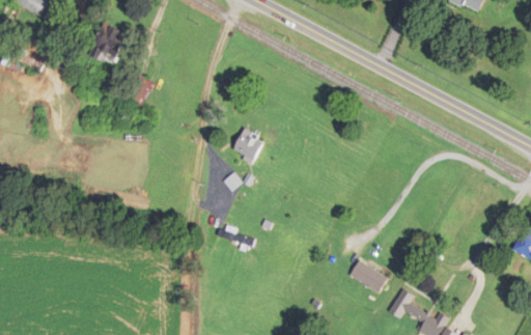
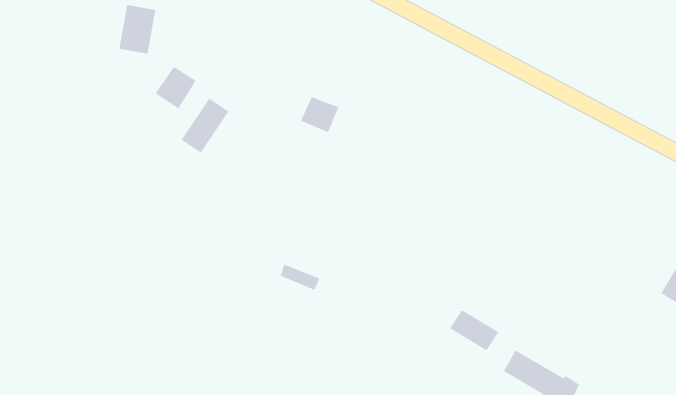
building: none -> [181,98,229,154]
building: [231,133,261,161] -> [300,97,339,133]

